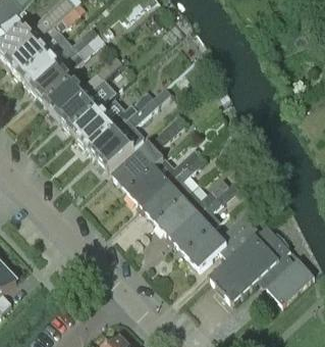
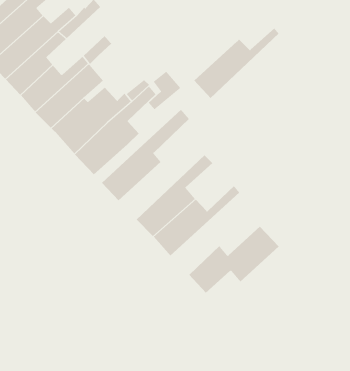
building: [127,148,199,207] -> [193,27,279,99]
building: [170,181,238,253] -> none
building: [208,225,315,304] -> none

